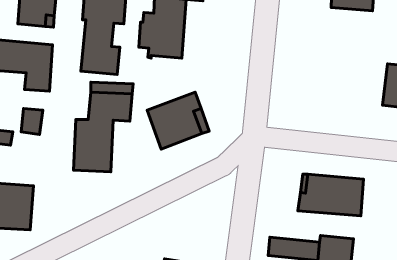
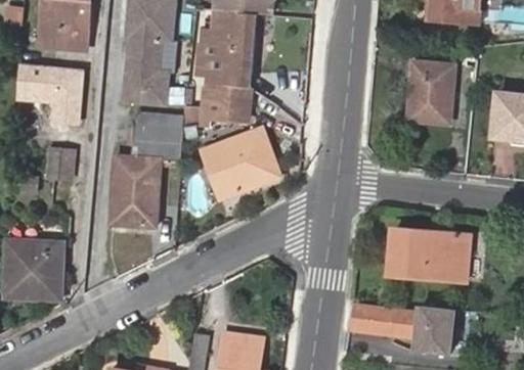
building: none -> [410,64,456,124]
building: none -> [205,83,249,125]

